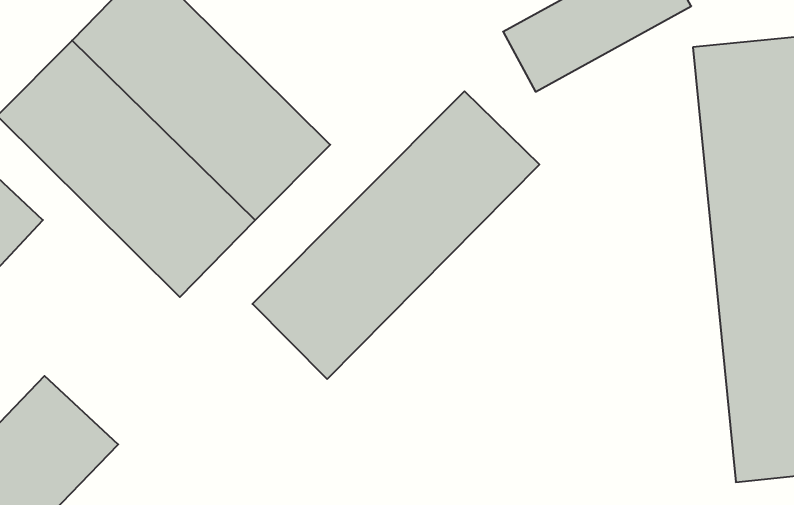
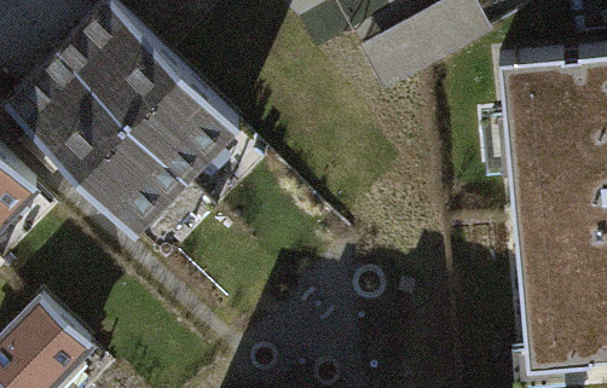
building: [252,91,539,379] -> none

